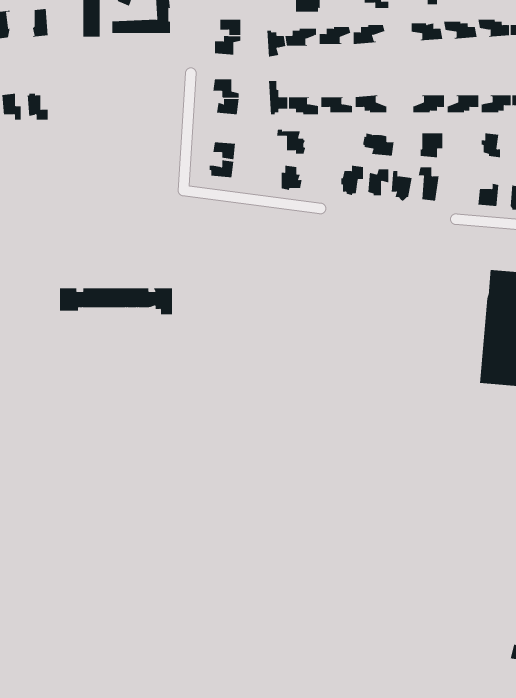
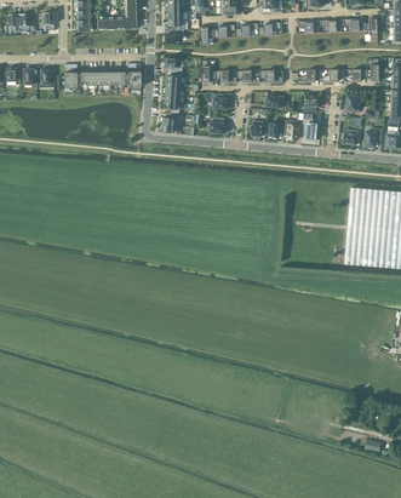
building: [59,288,173,315] -> [63,71,139,90]

